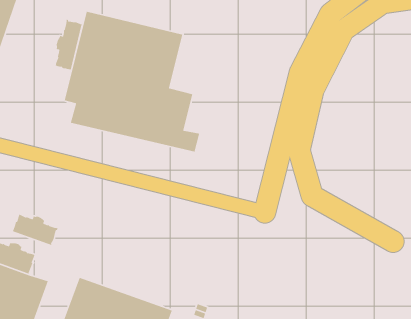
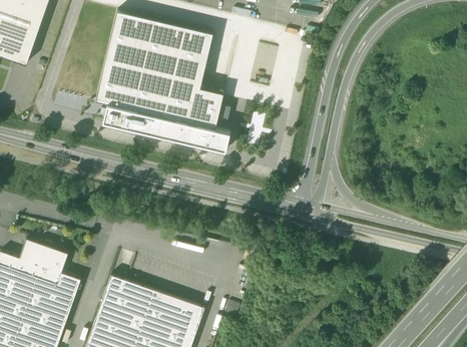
building: [55,19,83,71] -> none
building: [11,214,59,246] -> none

